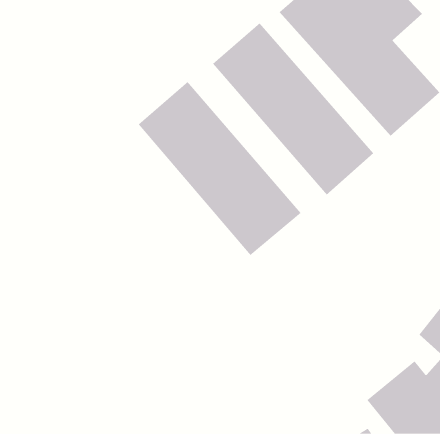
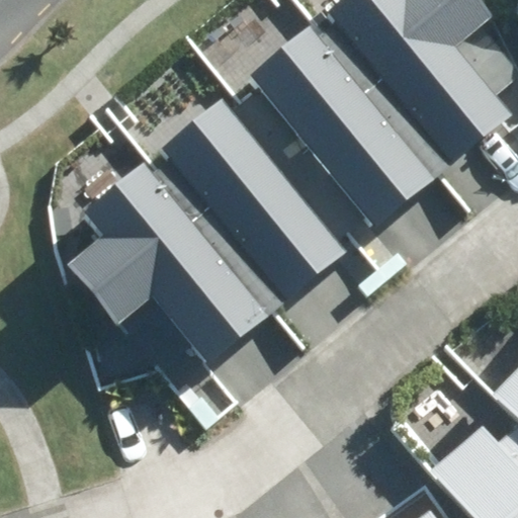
building: none -> [64,159,273,360]

